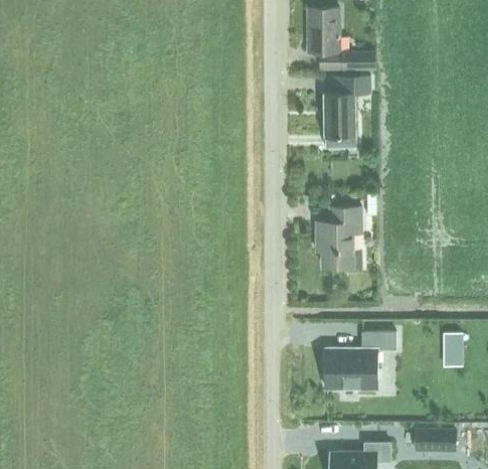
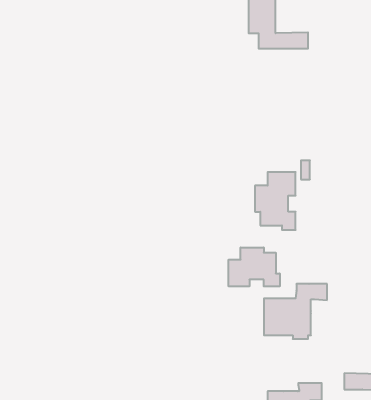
building: [323,76,369,148] -> none
building: none -> [229,247,280,286]

